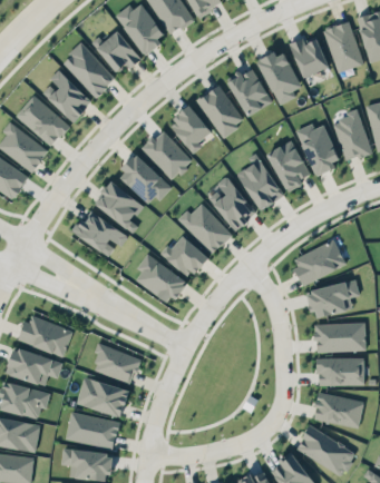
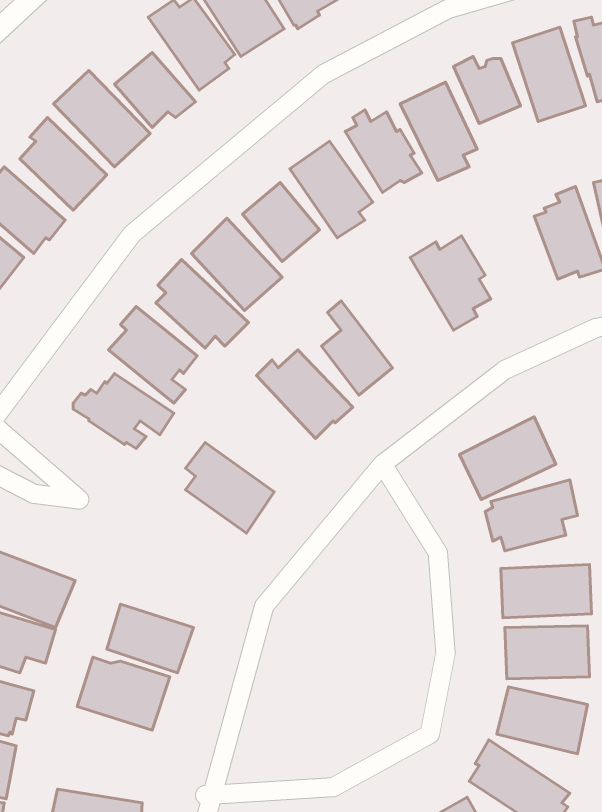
building: [294,121,337,172] -> none
building: [236,154,283,211] -> none
building: [162,234,207,279] -> none
building: [66,413,119,451] -> none

